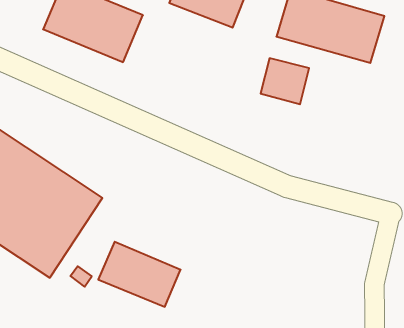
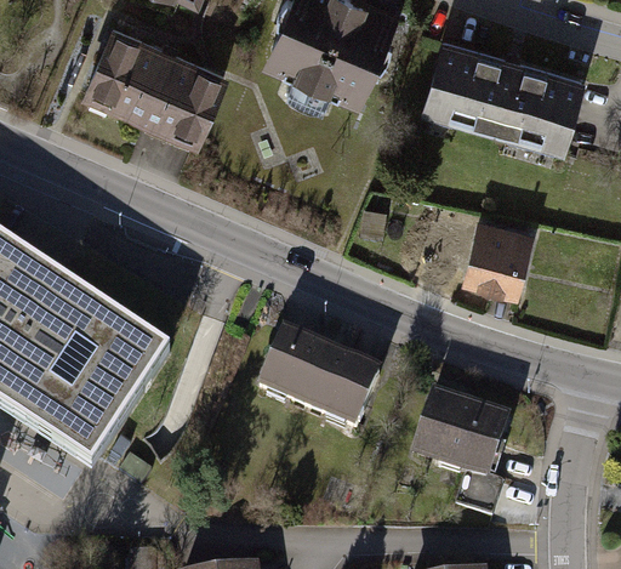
building: [261,58,309,104] -> [463,229,535,297]
building: none -> [412,399,512,479]
building: [98,242,181,307] -> [258,331,380,427]

